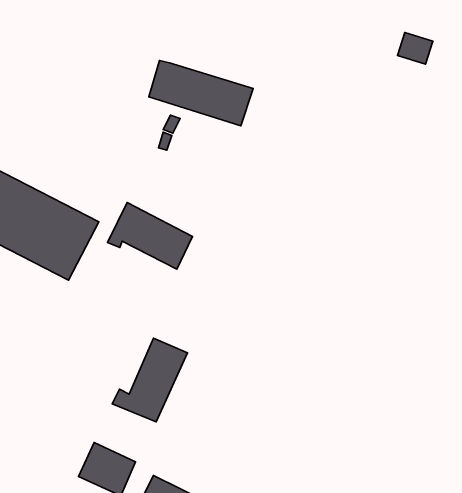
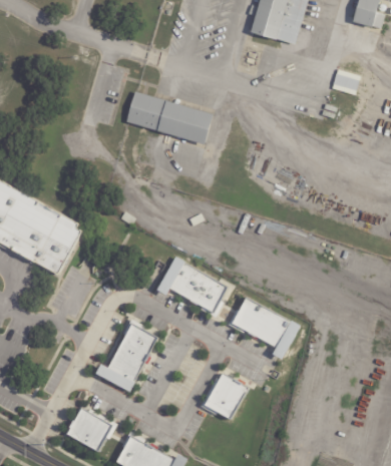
building: [108,202,193,269] -> [157,258,228,313]
building: none -> [231,298,300,360]
building: none -> [202,372,249,421]

